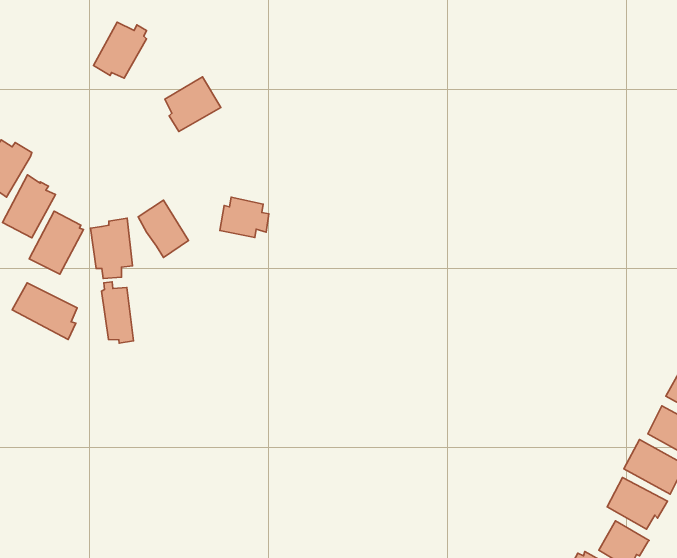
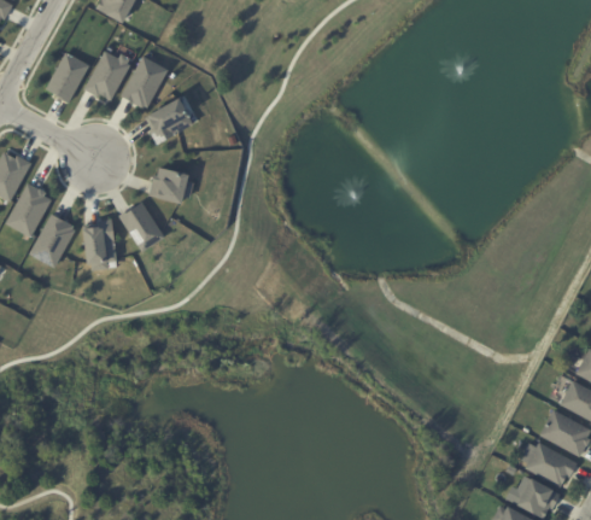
building: none -> [45,51,89,100]
building: none -> [119,54,166,107]
building: [220,197,269,238] -> [152,168,194,203]
building: [102,282,134,343] -> none
building: [12,283,77,340] -> none

